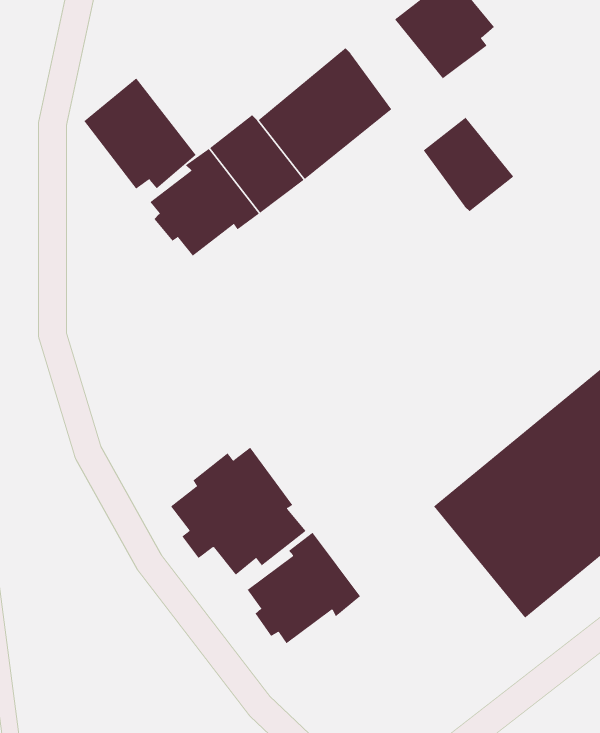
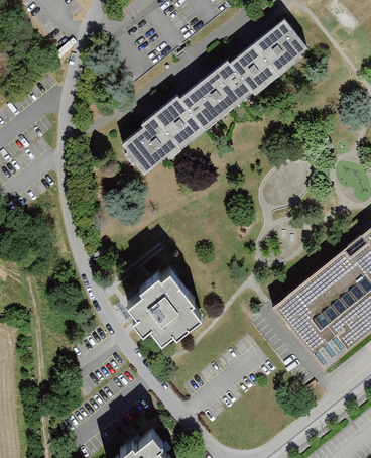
building: [84,77,196,189] -> none
building: [423,117,514,212] -> [228,44,277,96]
building: [247,532,361,644] -> none

